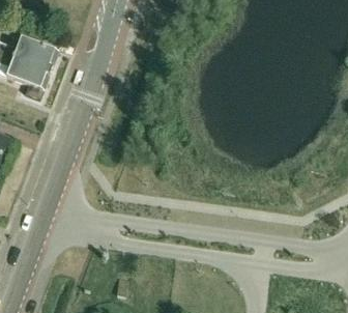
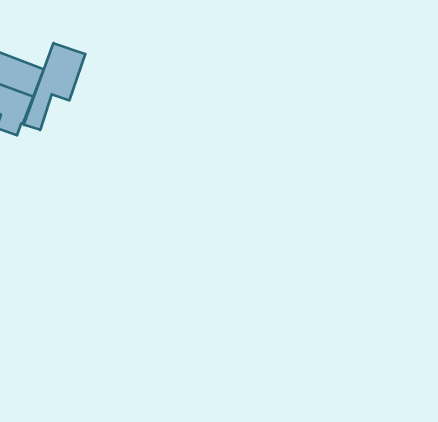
building: none -> [24,43,85,130]

